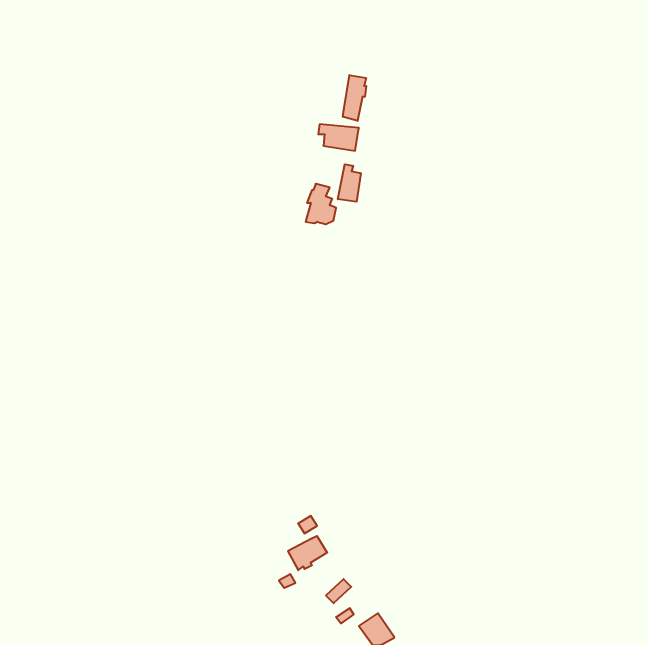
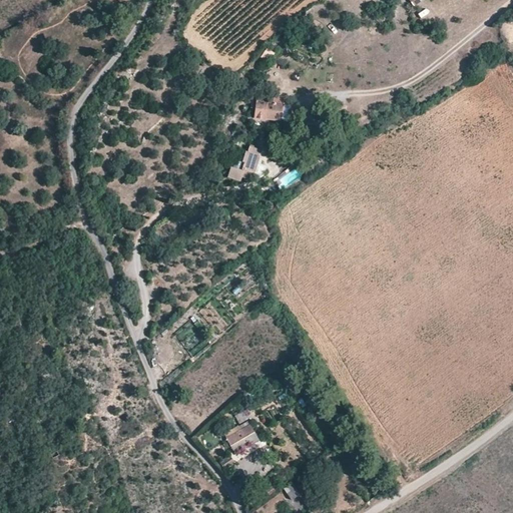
building: [343,75,366,121] -> none
building: [338,164,361,202] -> none

